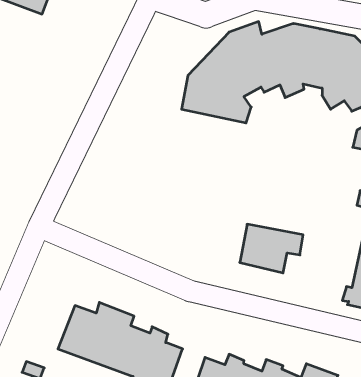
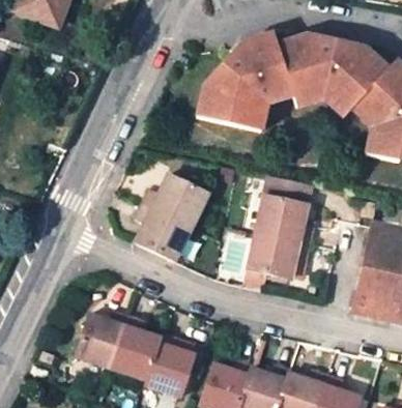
building: none -> [137,171,209,259]
building: none -> [258,173,316,242]

